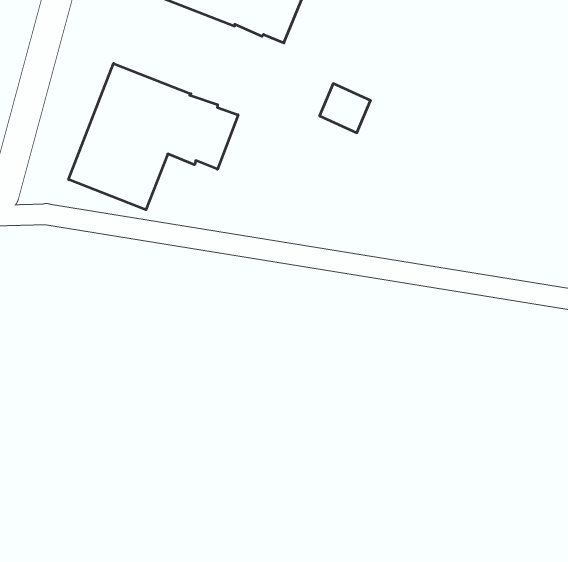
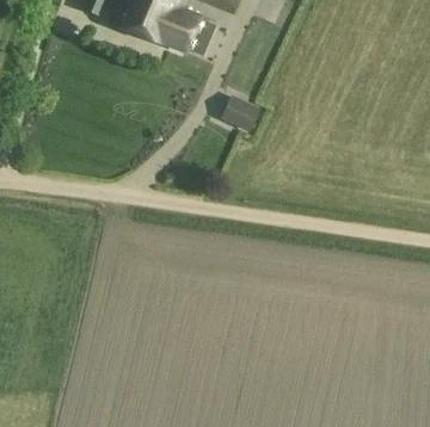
building: [69,63,238,210] -> none

